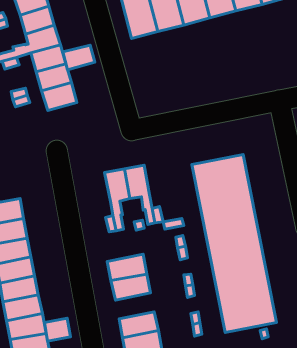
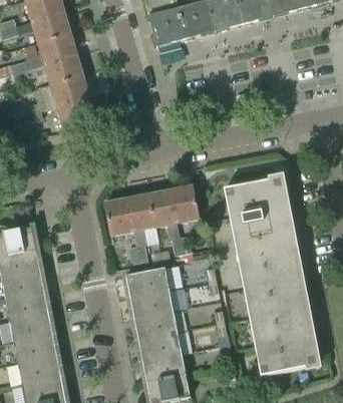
building: [63,45,95,70] -> none
building: none -> [170,184,200,222]
building: none -> [104,196,133,235]
building: none -> [125,266,169,296]
building: none -> [138,331,182,360]
building: [44,318,70,341] -> none

